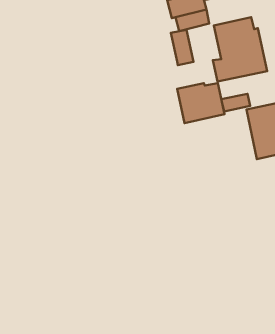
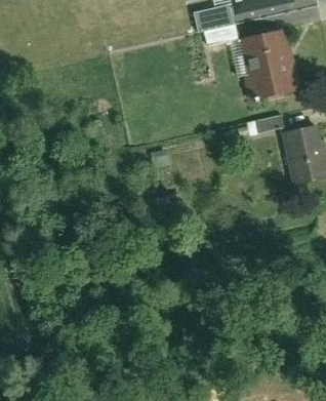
building: [171,30,193,65] -> none
building: [177,83,225,123] -> none

